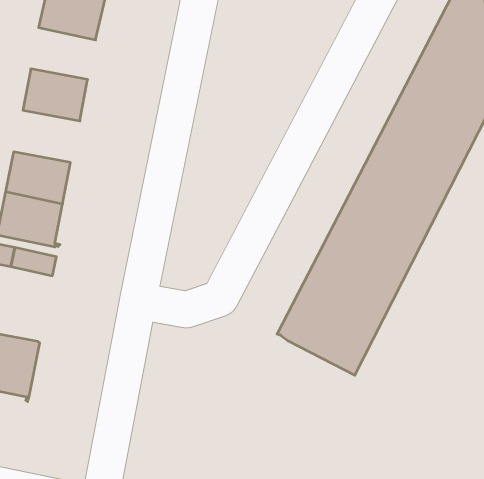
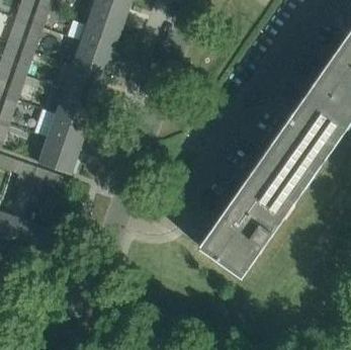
building: none -> [71,40,112,76]
building: none -> [54,89,96,124]

